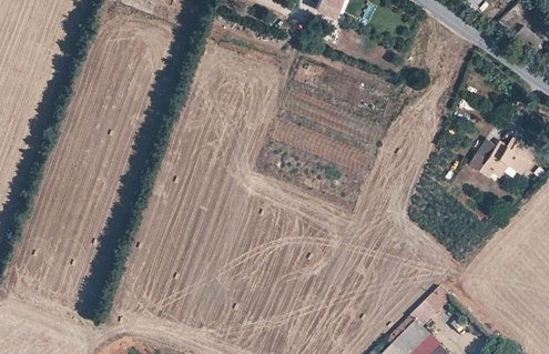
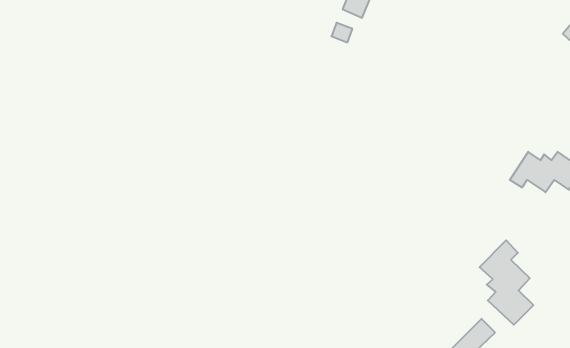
building: none -> [480,240,533,325]

